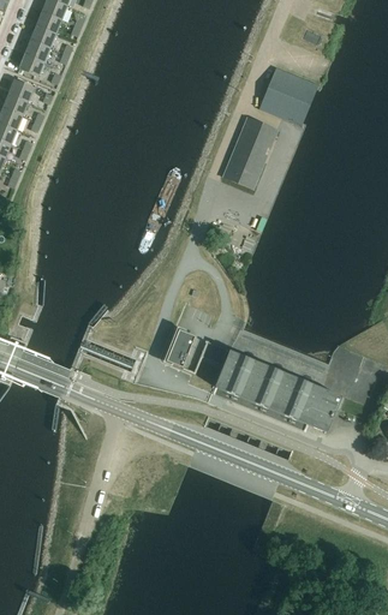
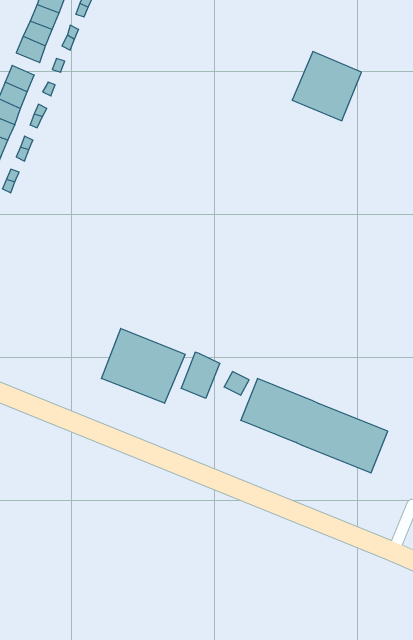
building: [222,115,279,189] -> none
building: none -> [101,328,185,403]

